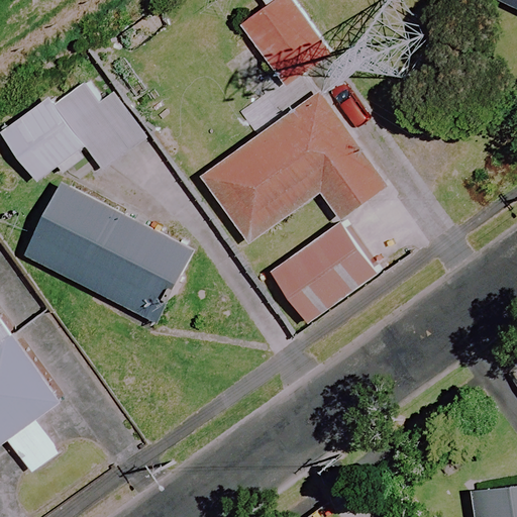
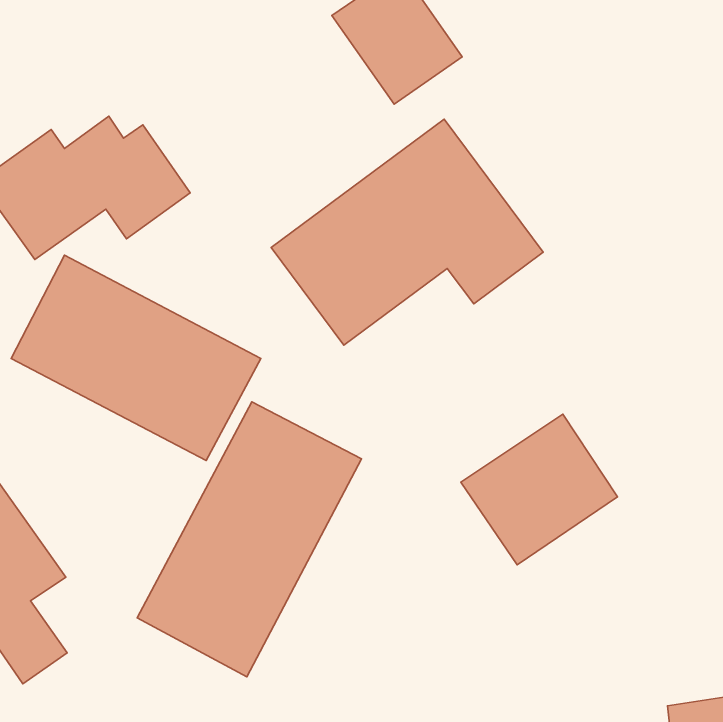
building: [267,220,374,323] -> [461,414,618,565]
building: none -> [137,402,362,677]

